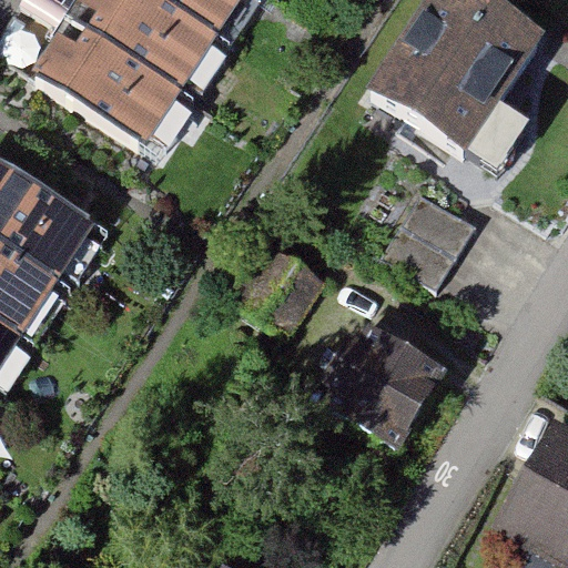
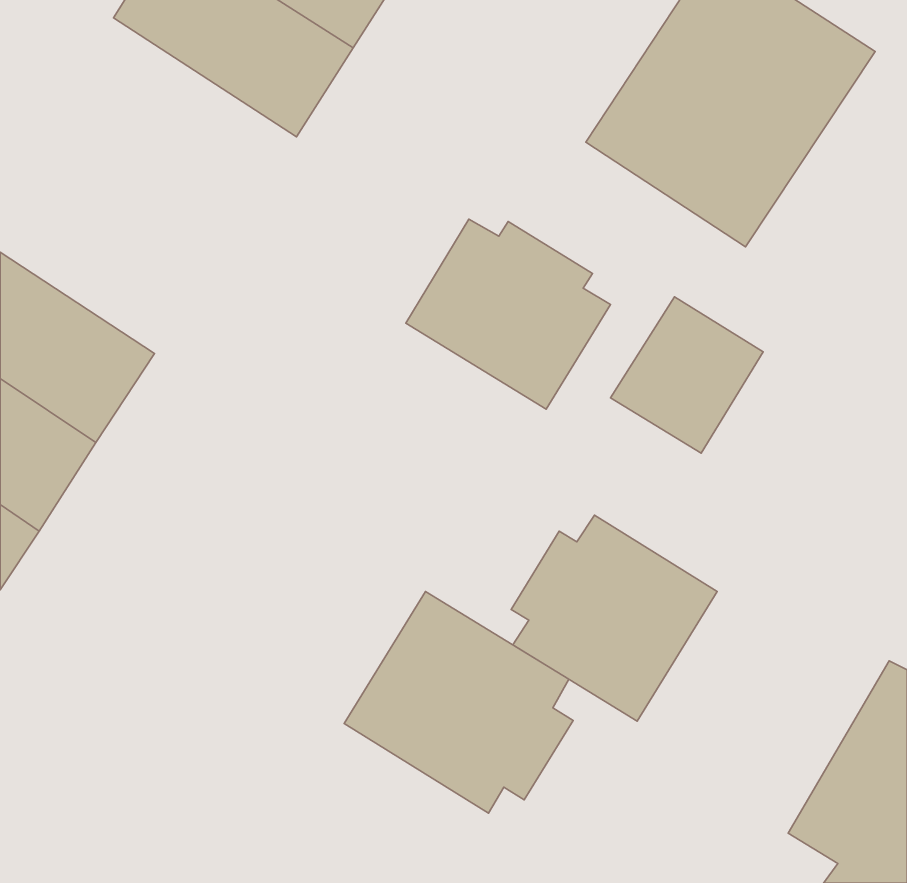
building: [34,11,185,141] -> none
building: none -> [406,219,610,409]
building: none -> [344,592,573,813]

